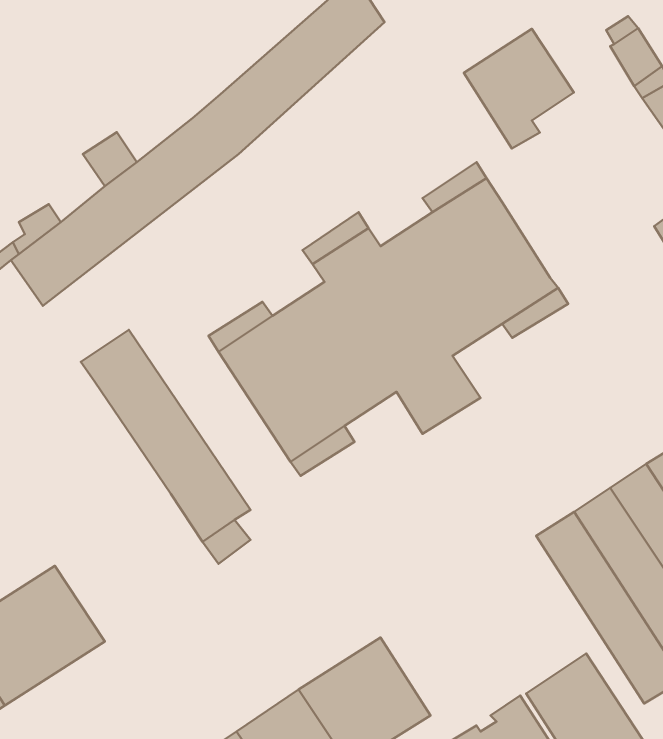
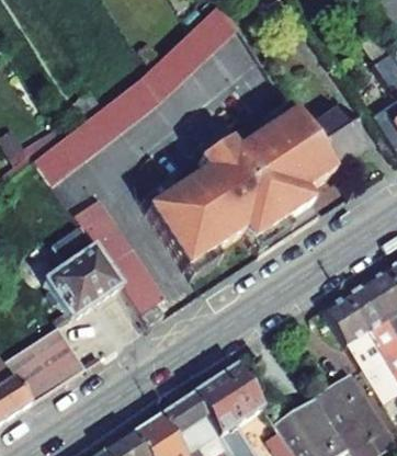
building: [464,29,574,149] -> [304,102,364,168]
building: none -> [43,225,122,326]

